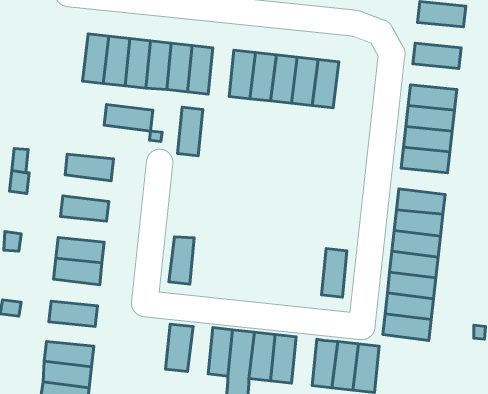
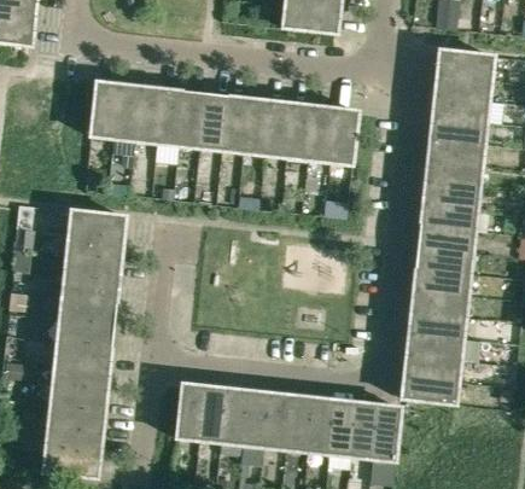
building: none -> [437,71,488,98]
building: none -> [432,115,483,141]
building: [104,104,153,131] -> [69,231,119,258]
building: [177,107,203,156] -> [221,98,247,149]
building: none -> [420,223,471,251]
building: none -> [64,274,115,301]
building: [169,237,194,284] -> [199,389,226,438]
building: [322,248,347,297] -> [308,400,334,450]
building: none -> [57,339,107,367]
building: none -> [52,384,103,409]

